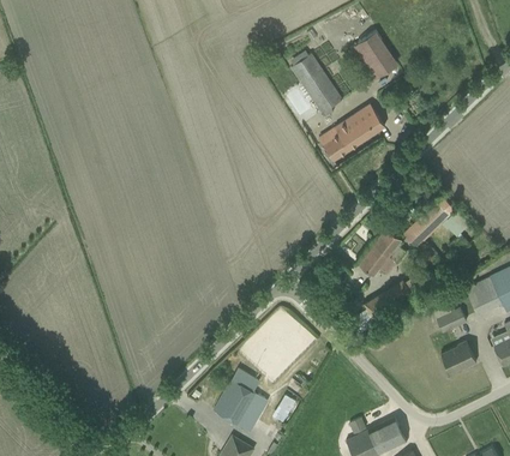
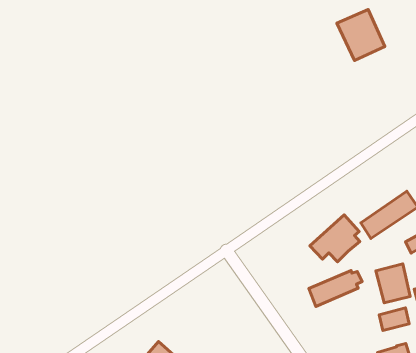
building: [290,54,342,113] -> none
building: [318,104,384,160] -> none
building: none -> [376,264,410,303]

